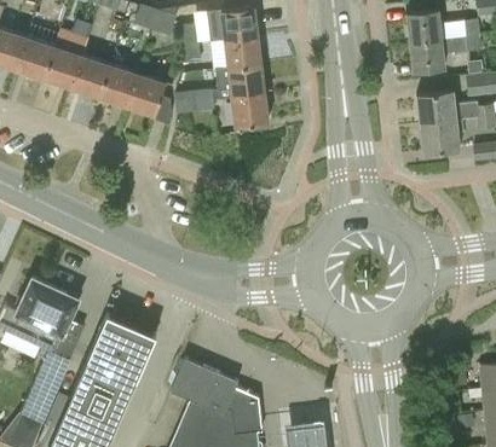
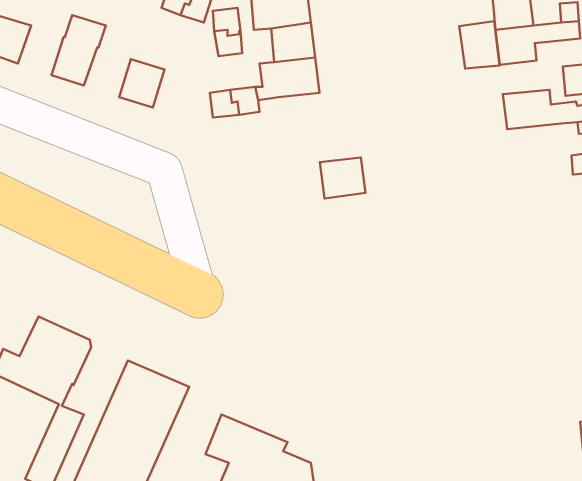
building: none -> [459,21,500,69]
building: [16,37,53,79] -> none
building: [70,56,109,97] -> none
building: [127,74,166,115] -> none
building: [231,93,269,127] -> [320,158,365,199]
building: [420,118,466,152] -> none

